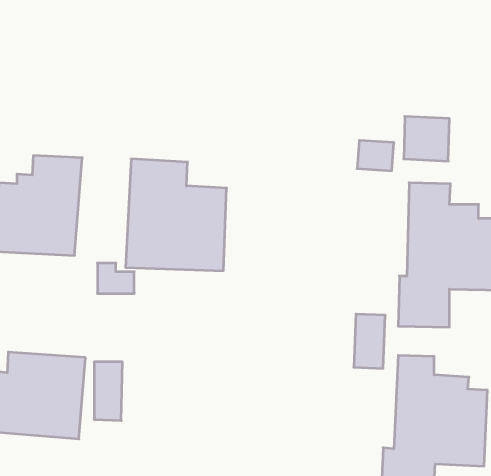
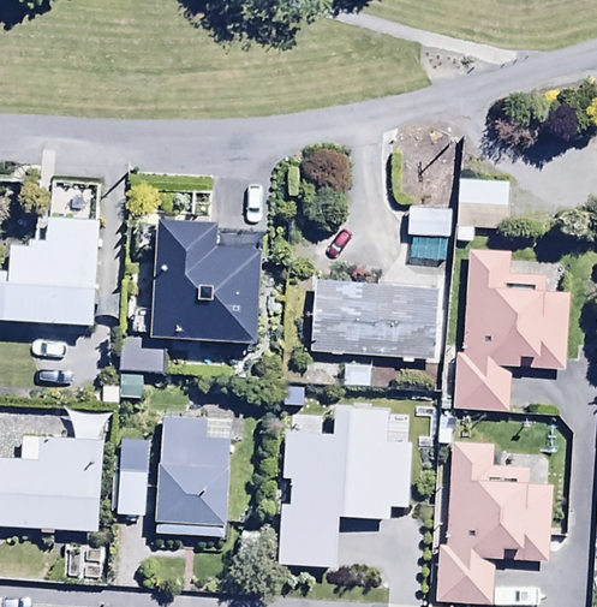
building: none -> [308,274,440,358]
building: none -> [155,410,240,536]
building: none -> [304,417,380,555]

